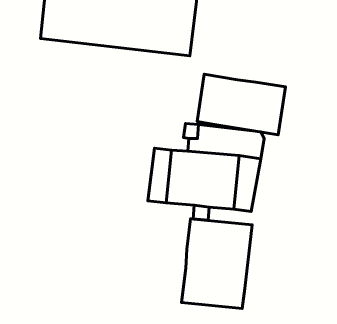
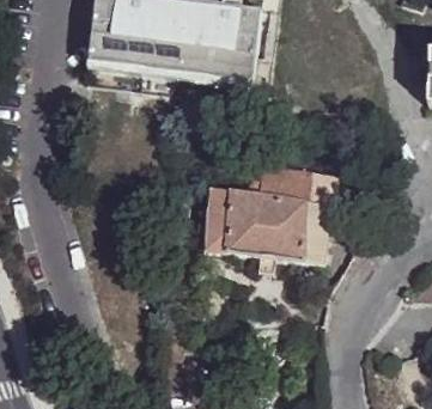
building: [197,74,285,135] -> none
building: [182,219,252,308] -> none

